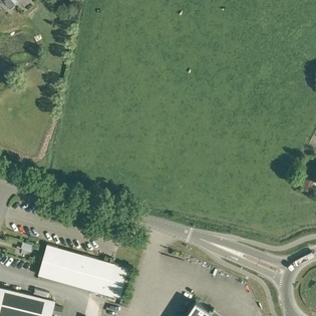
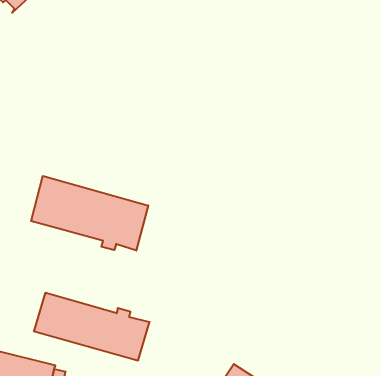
building: none -> [31,176,148,251]

